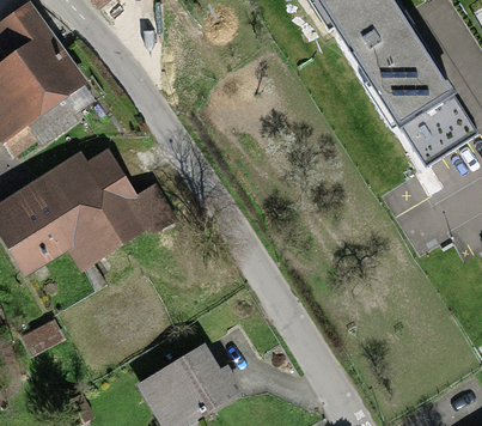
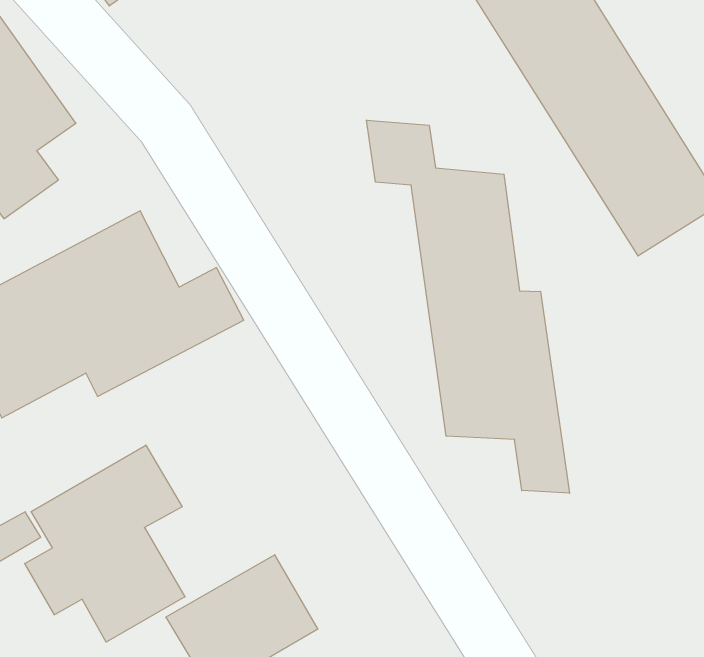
building: none -> [367,120,569,493]
building: none -> [25,445,185,642]

